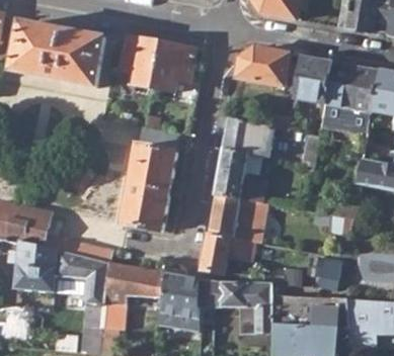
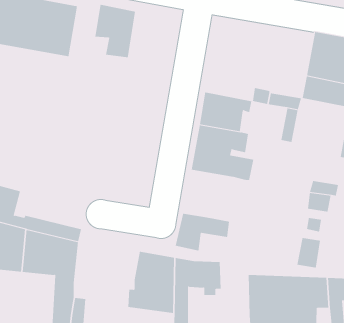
building: [155,42,195,91] -> none
building: [236,48,291,87] -> none
building: [295,57,333,104] -> none
building: [123,144,176,231] -> none
building: [207,194,267,246] -> none
building: [103,263,165,305] -> none
building: [239,282,270,334] -> none

